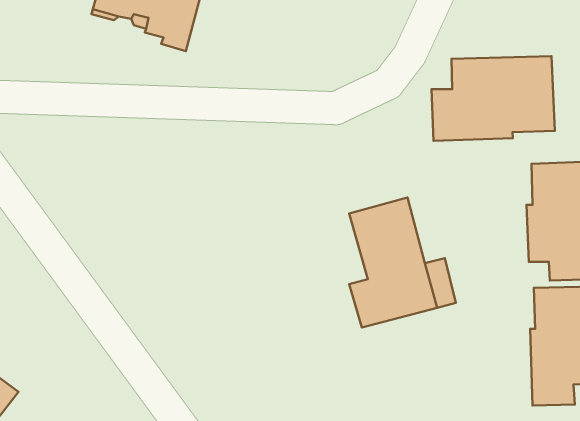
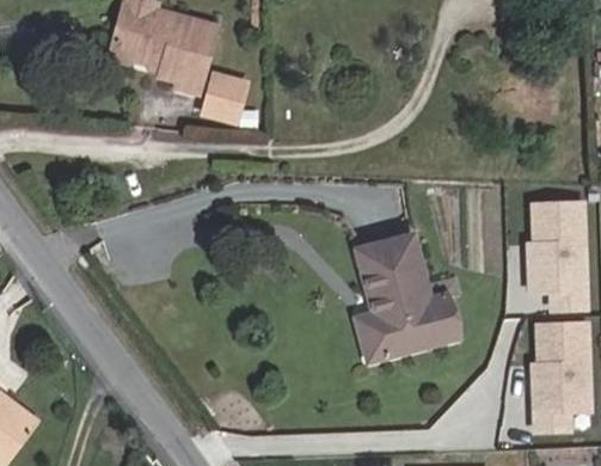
building: none -> [201,69,251,123]
building: [432,56,555,141] -> none

